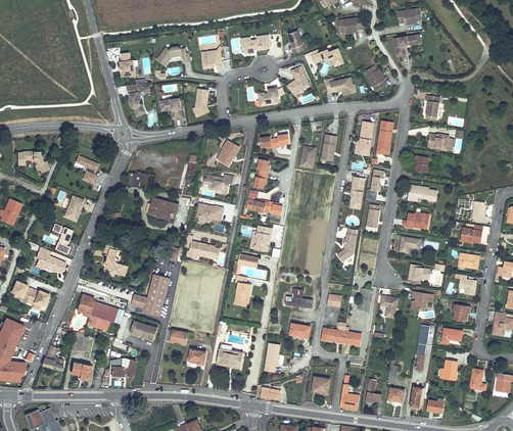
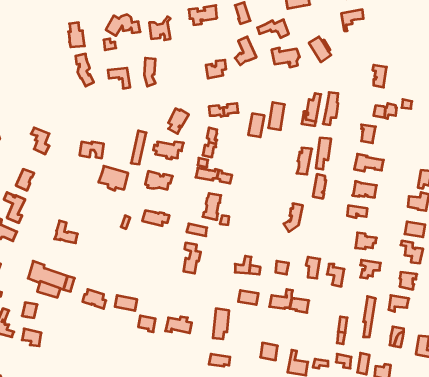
building: [131,274,170,316] -> none
building: [108,357,135,377] -> none

